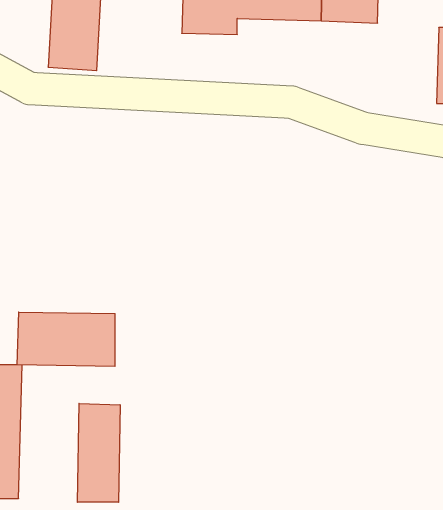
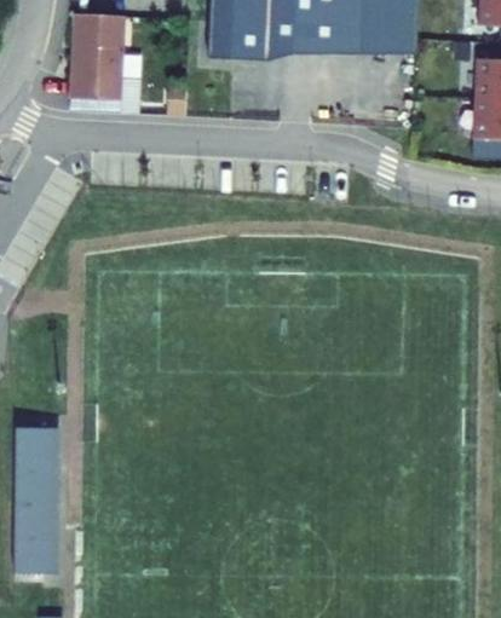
building: [17,312,115,366] -> none
building: [77,403,120,502] -> none

